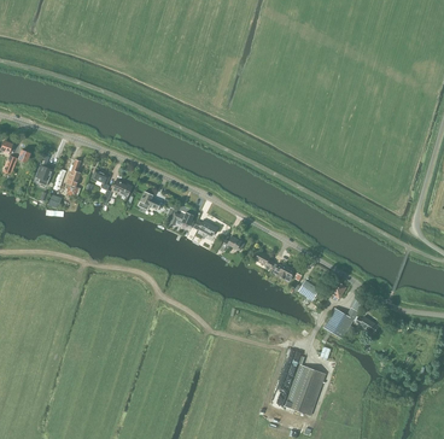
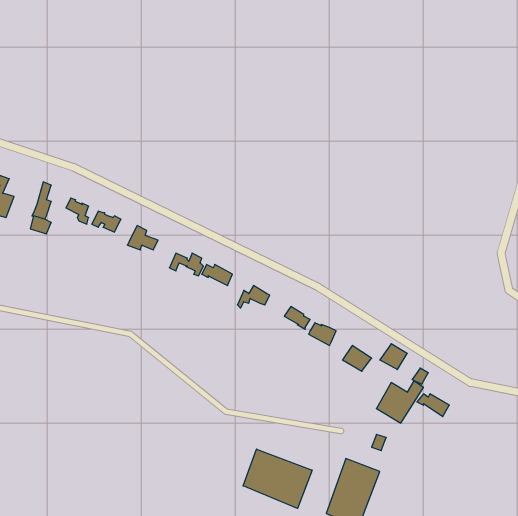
building: none -> [243,449,312,508]

